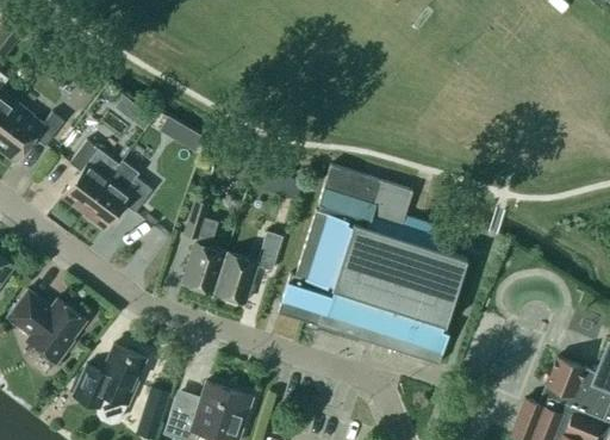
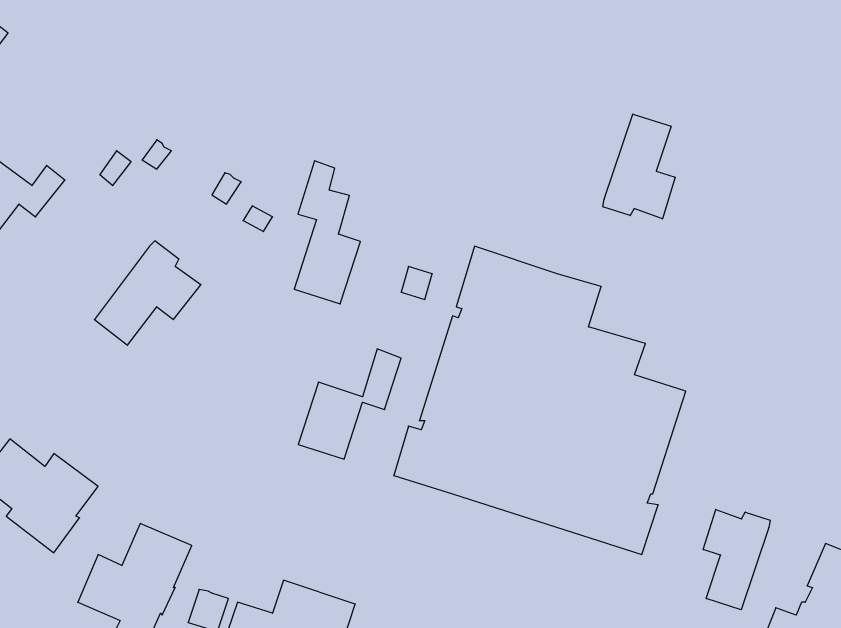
building: none -> [603,114,675,219]
building: [62,140,119,211] -> none
building: [182,198,225,291] -> [294,161,360,304]
building: none -> [703,509,770,610]

